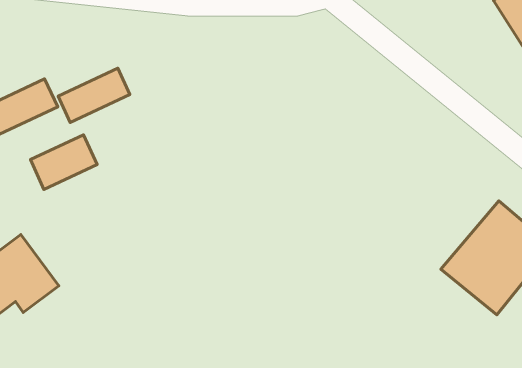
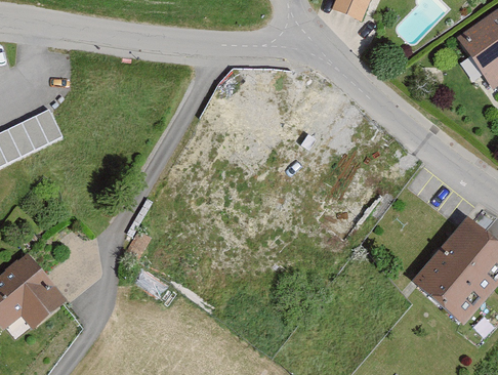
building: [58,68,130,122] -> none
building: [30,135,97,189] -> none

